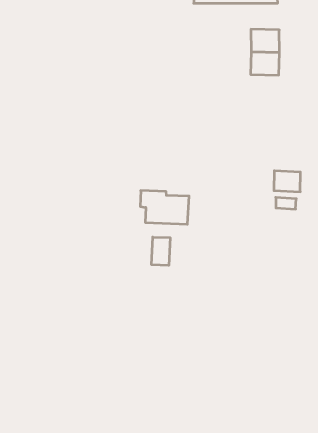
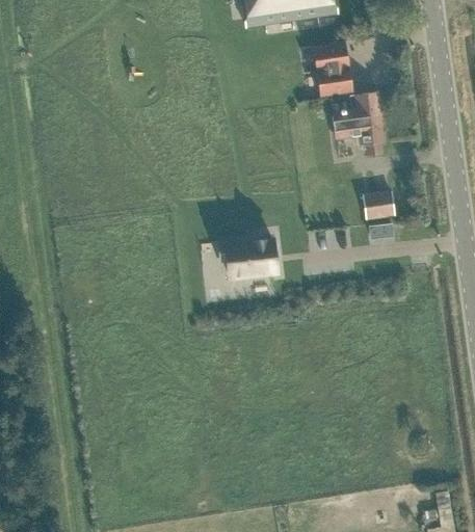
building: none -> [331,90,386,155]
building: [152,237,170,265] -> none

